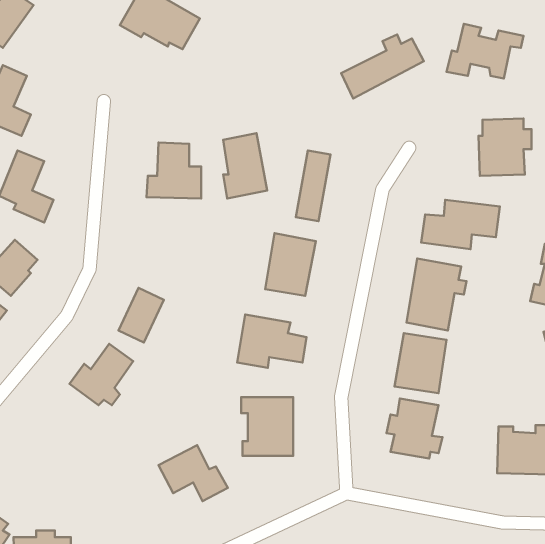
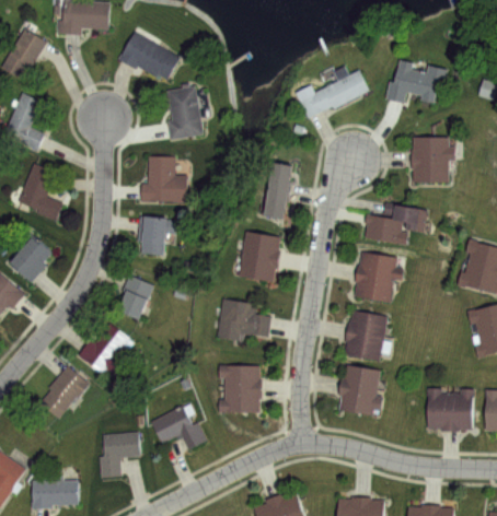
building: [223,133,267,198] -> [167,86,204,140]
building: none -> [140,218,165,255]
building: none -> [41,363,91,418]
building: none -> [100,431,140,480]

